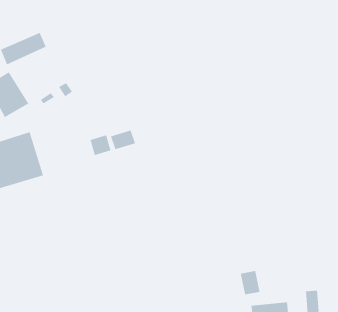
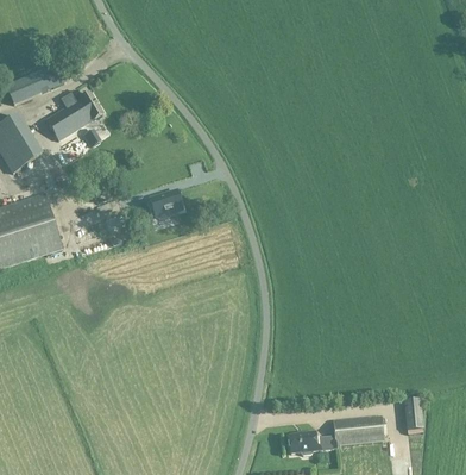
building: none -> [44,92,101,140]
building: [90,134,111,156] -> none
building: [240,270,260,295] -> none

